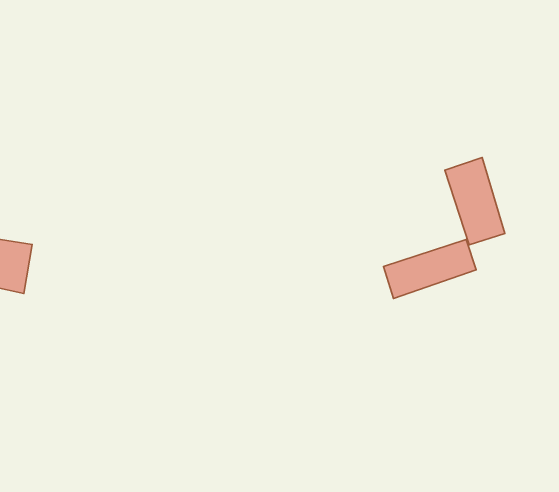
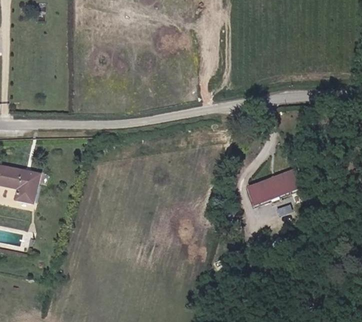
building: [445,158,505,245] -> none

